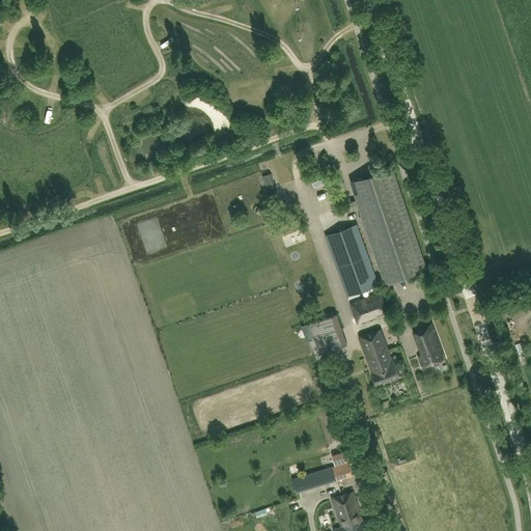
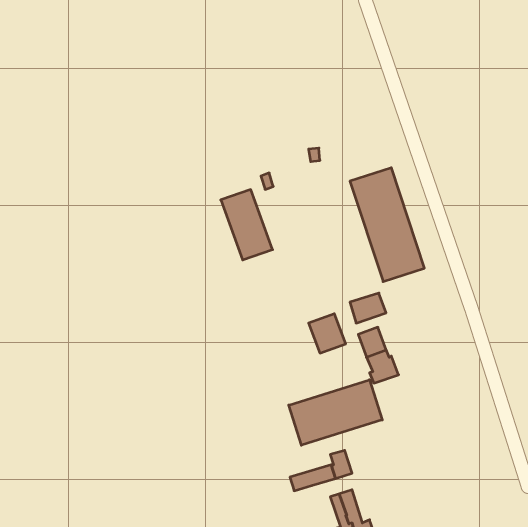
building: [326,227,378,298] -> [221,190,273,260]
building: [413,325,444,368] -> none
building: none -> [289,380,382,445]

